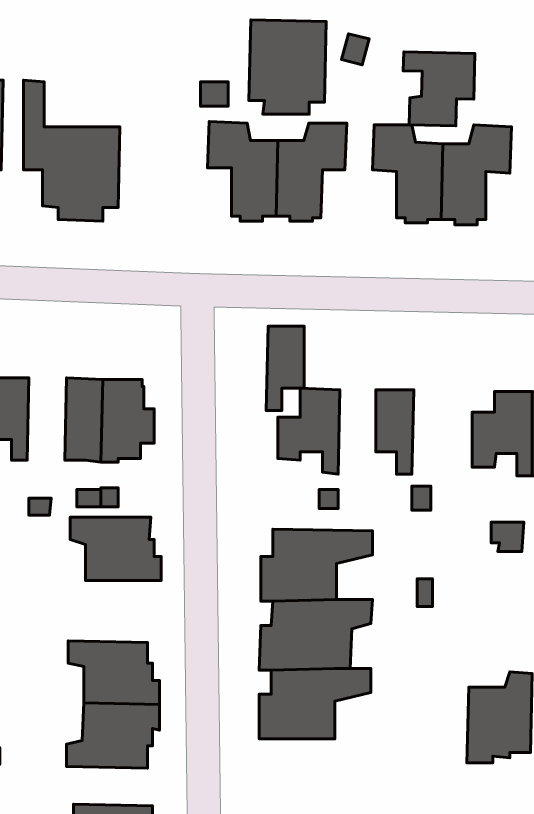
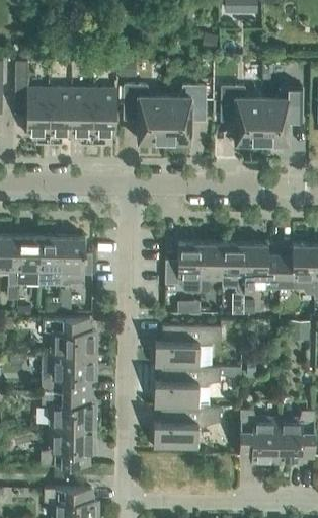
building: [249,20,326,114] -> [71,88,116,144]
building: [403,52,475,126] -> none
building: [266,326,304,410] -> [201,243,223,293]
building: none -> [17,236,41,285]
building: none -> [244,243,280,293]
building: none -> [42,355,96,392]
building: none -> [240,409,277,463]

